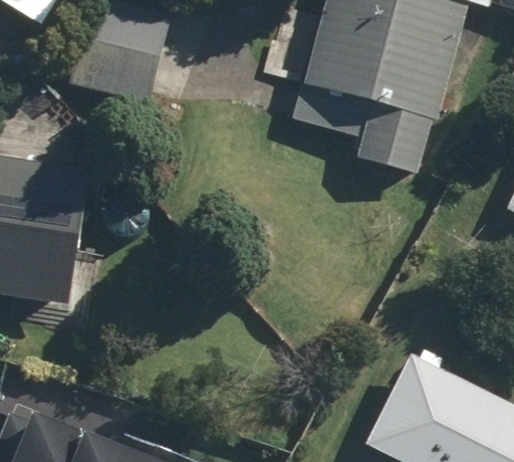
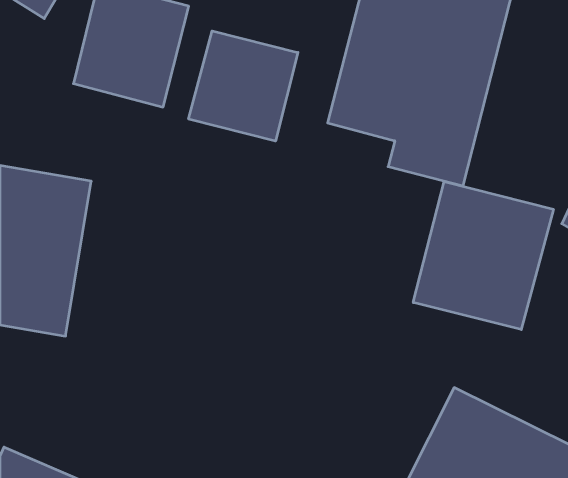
building: none -> [189,31,298,141]
building: none -> [413,182,553,330]

